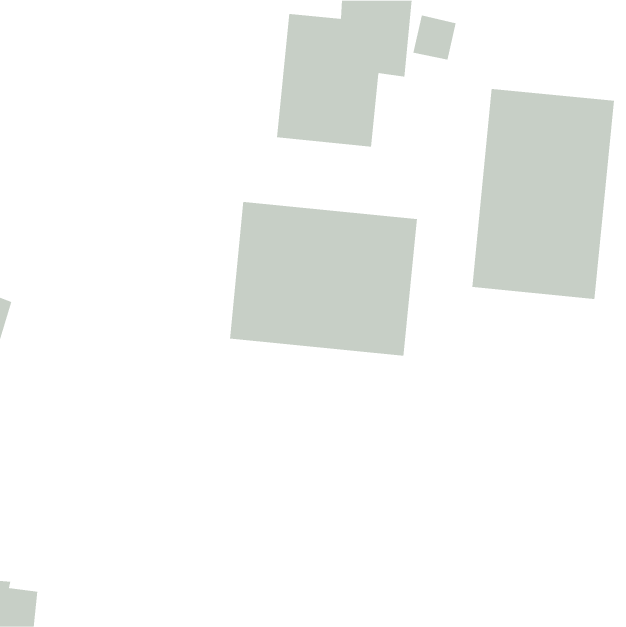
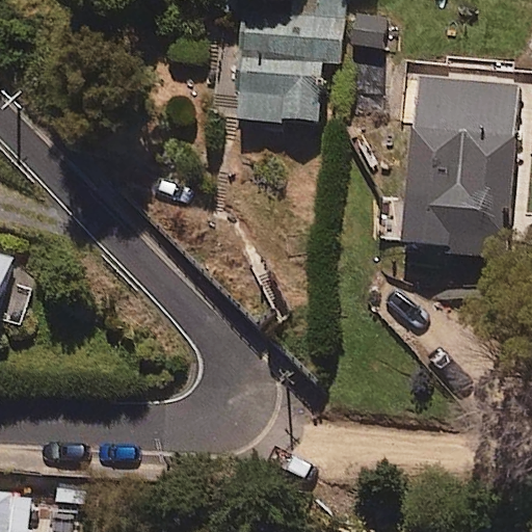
building: [229,201,418,356] -> none

